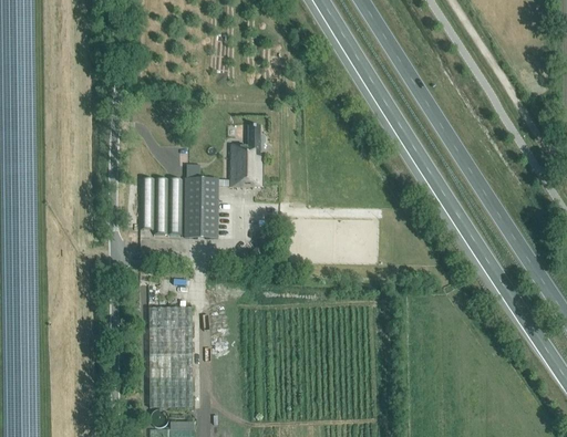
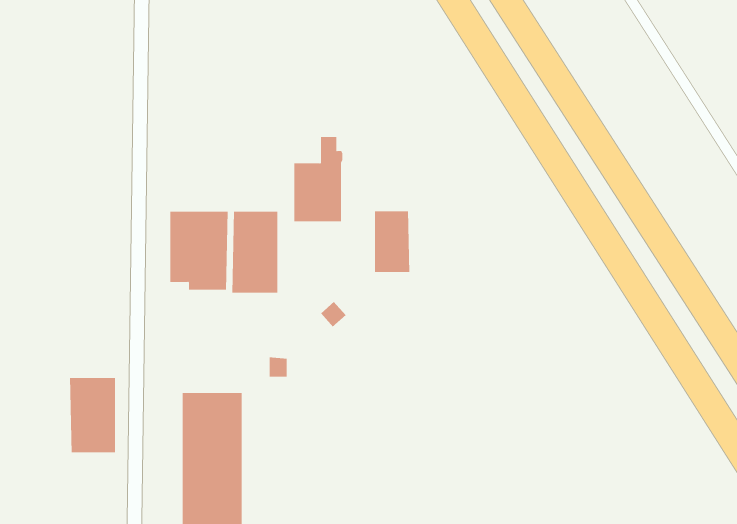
building: none -> [374,211,410,273]
building: none -> [69,377,116,453]

